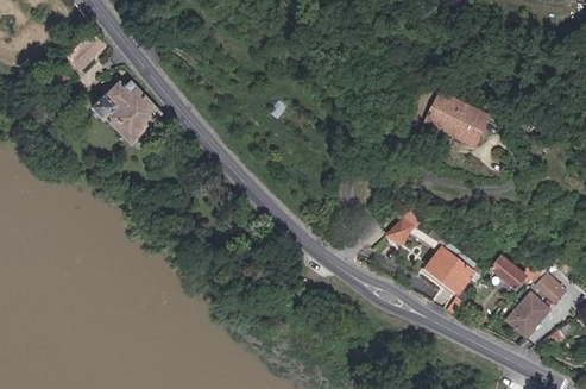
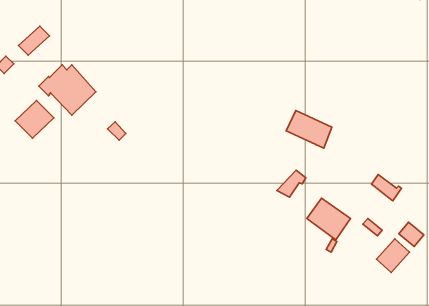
building: [430,94,486,140] -> [286,111,332,148]
building: none -> [15,101,54,138]
building: [492,256,529,288] -> [371,175,401,201]

